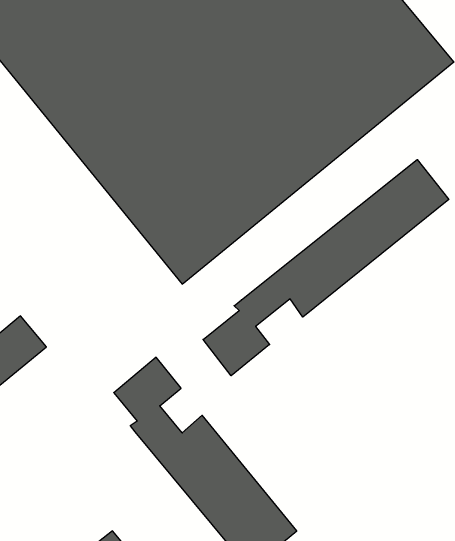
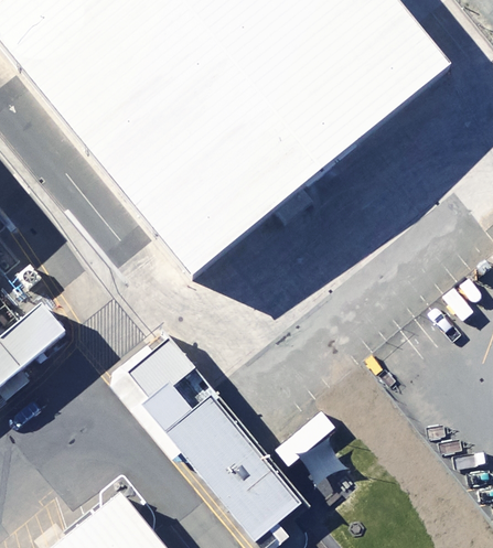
building: [203,160,449,376] -> none

